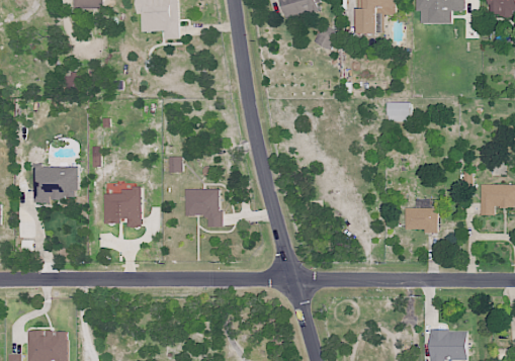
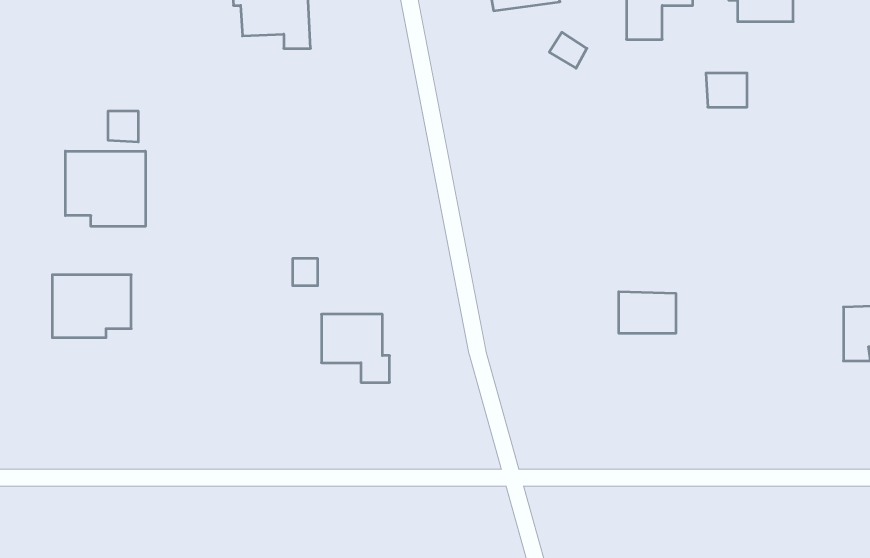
building: none -> [65,151,145,226]
building: [387,102,410,121] -> [706,73,747,107]
building: [105,190,143,227] -> none
building: [405,207,437,231] -> [619,292,676,333]

